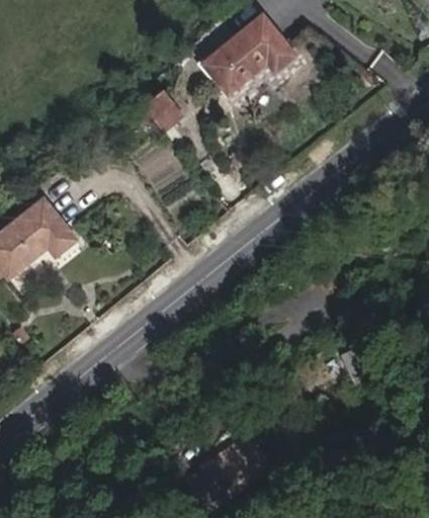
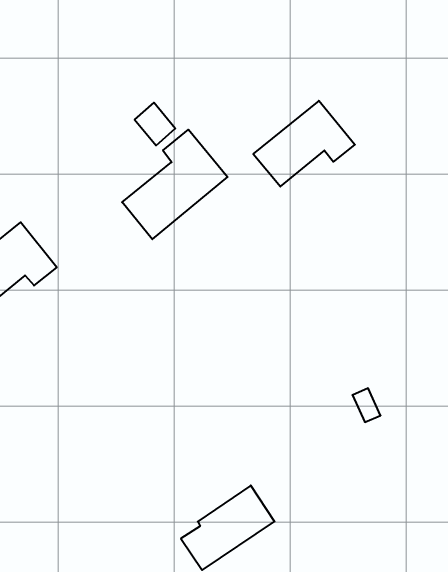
building: [202,16,293,93] -> [253,101,355,187]
building: none -> [122,130,228,239]

